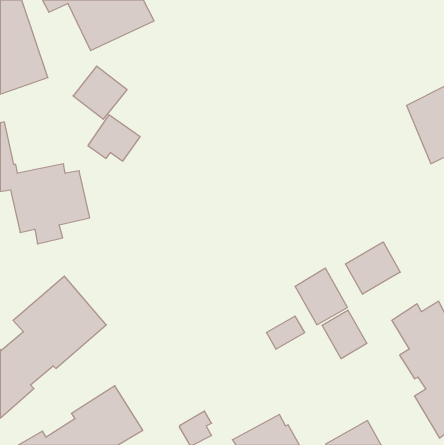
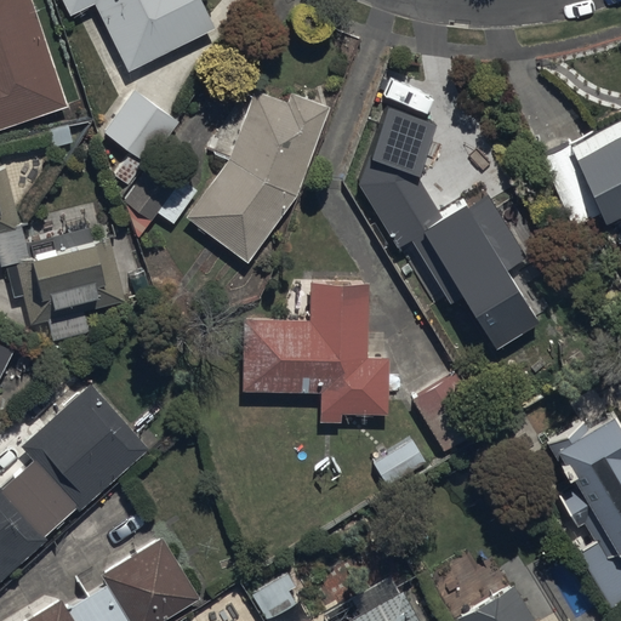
building: none -> [187,92,327,261]
building: none -> [359,106,542,352]
building: none -> [243,285,391,423]
building: [345,242,400,294] -> none
building: [322,310,367,359] -> none

